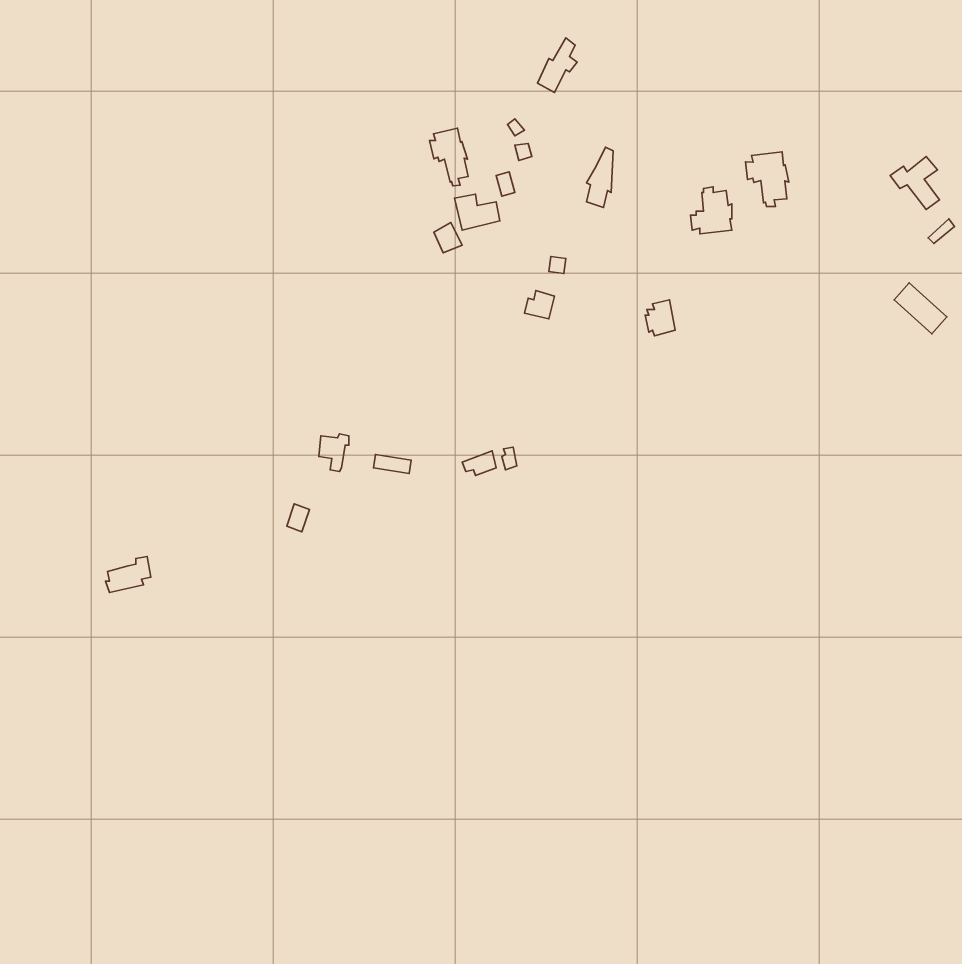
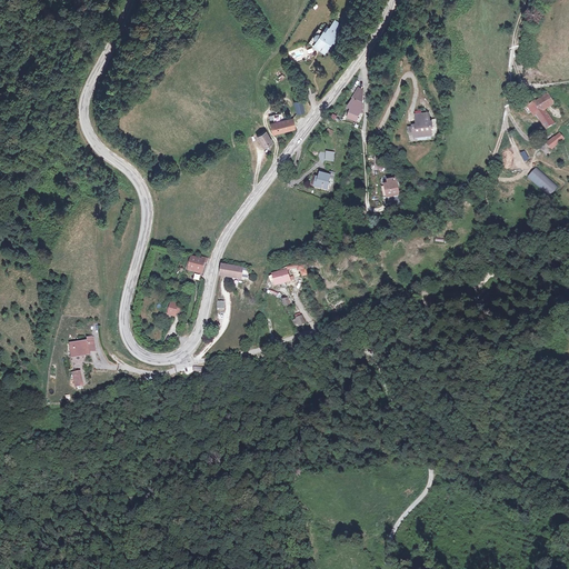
building: [430,128,468,186] -> none
building: [746,152,789,207] -> none

